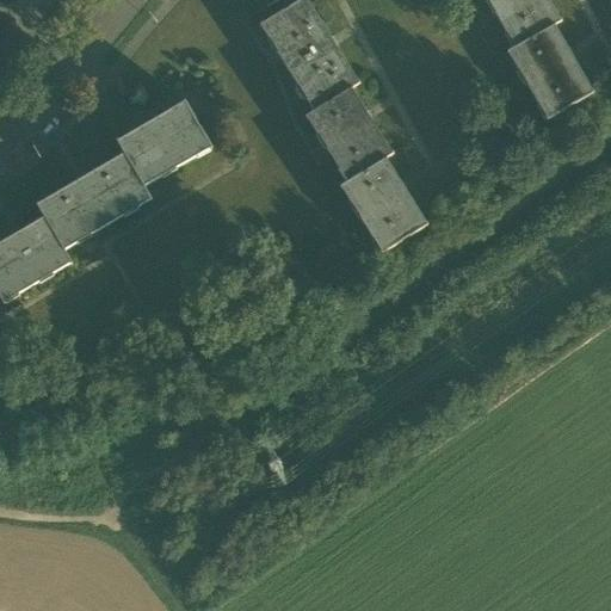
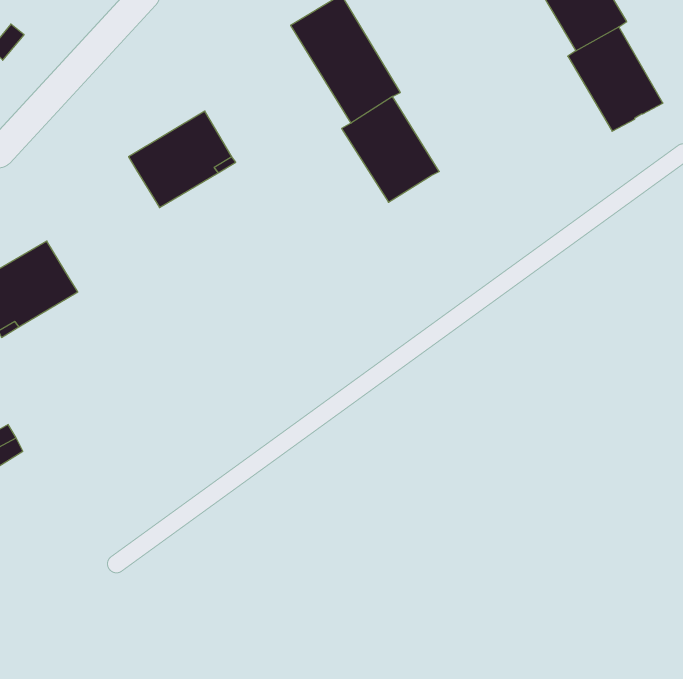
building: [35,152,149,248] -> none
building: [339,156,425,251] -> none

